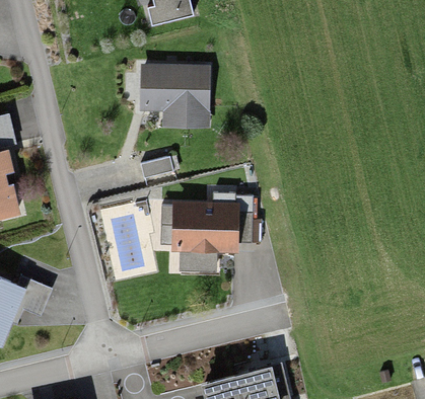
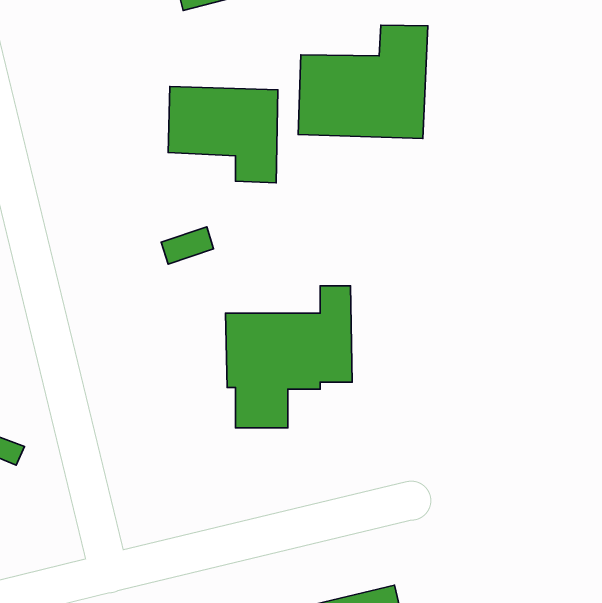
building: none -> [298,25,428,139]

